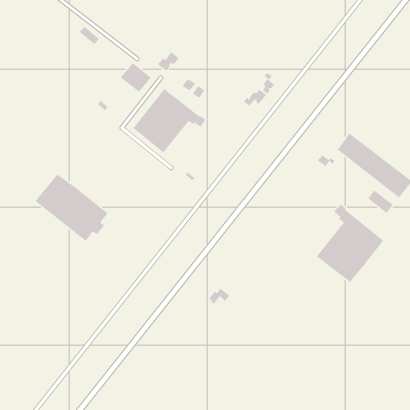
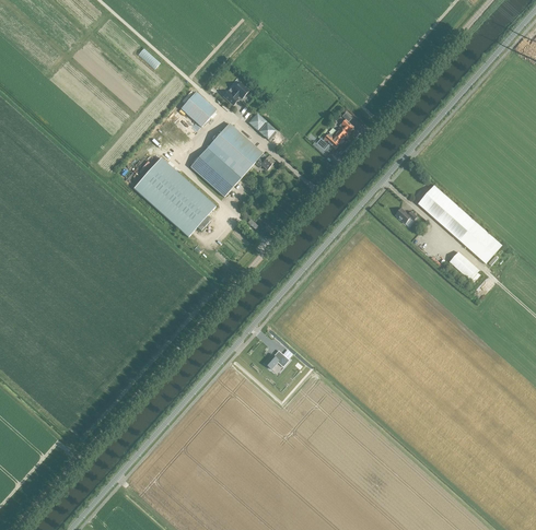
building: [34,173,108,242] -> [132,157,214,236]
building: [316,204,384,283] -> none

